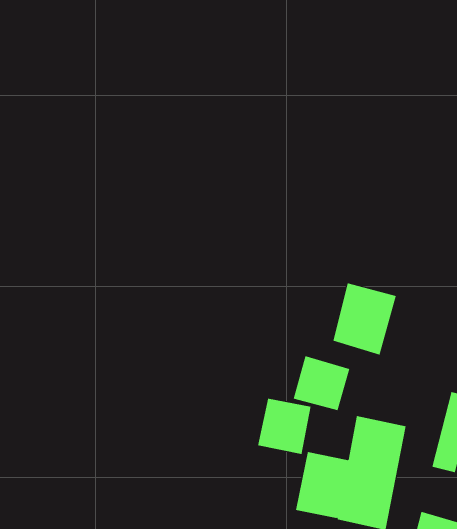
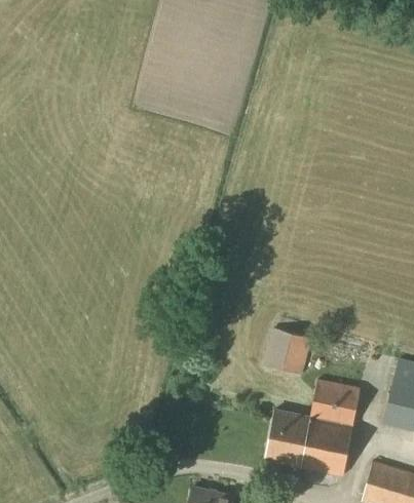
building: [333,282,396,356] -> none
building: [257,398,311,455] -> none

